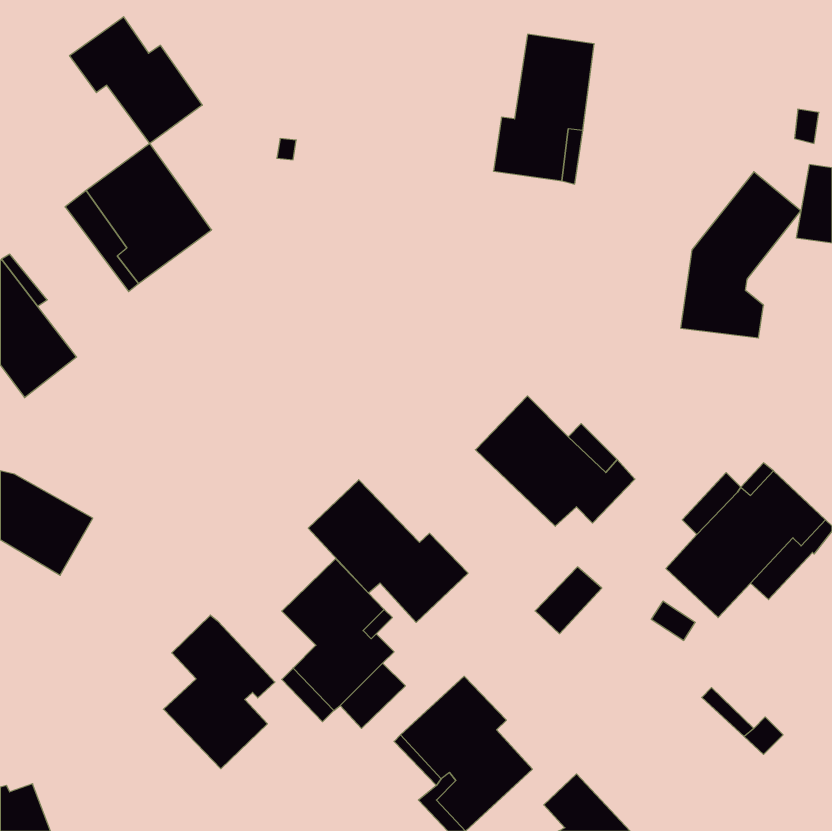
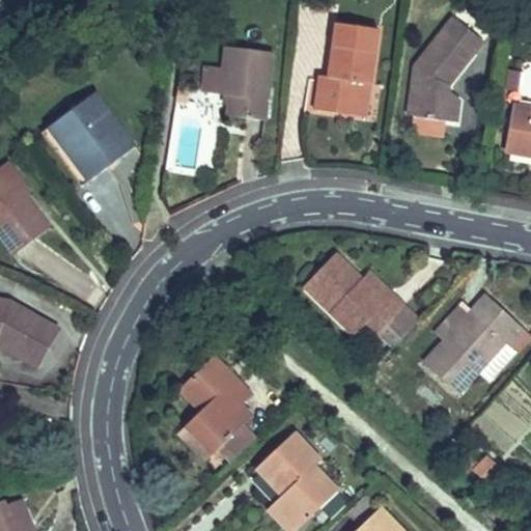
building: [70,17,202,143] -> none
building: none -> [202,46,273,119]
building: [681,172,801,338] -> [408,16,484,121]
building: [308,480,468,622] -> none
building: [535,567,602,634] -> [378,305,420,347]
building: [163,615,275,769] -> none

